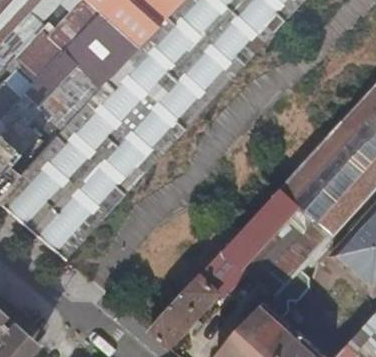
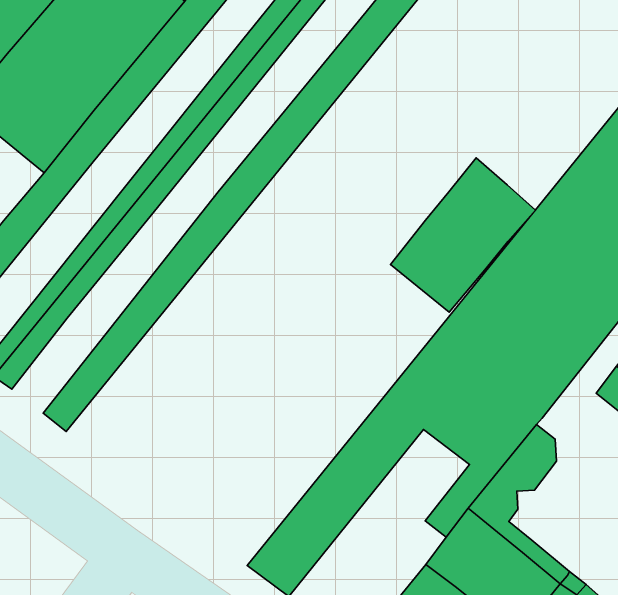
building: none -> [391,158,535,312]

